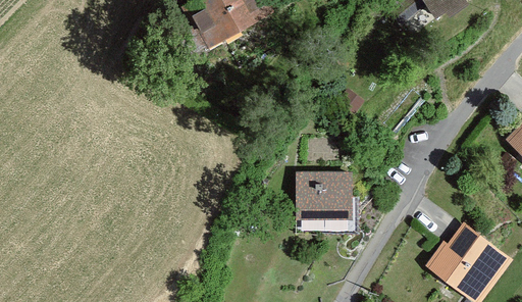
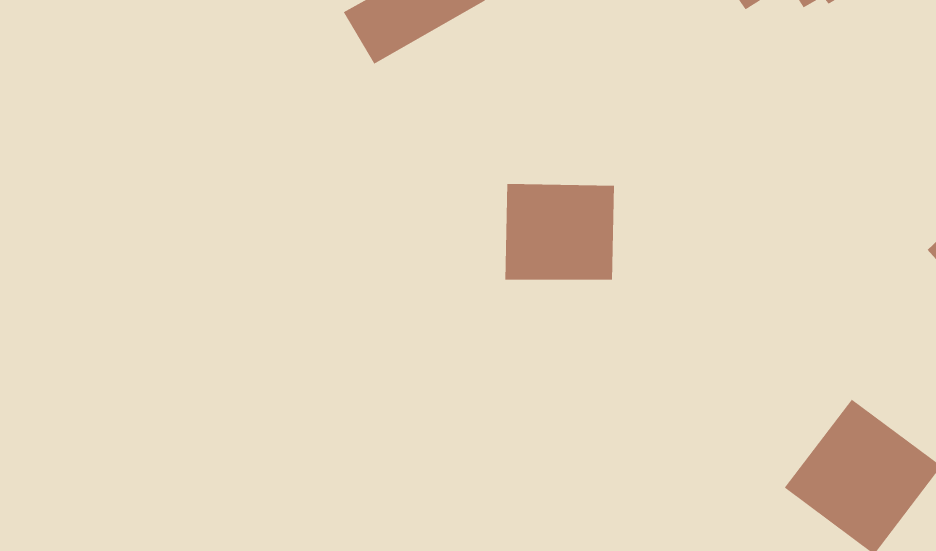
building: [293,170,351,221] -> [504,184,615,280]

